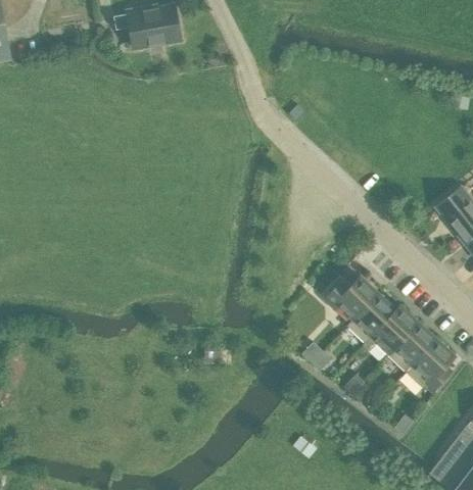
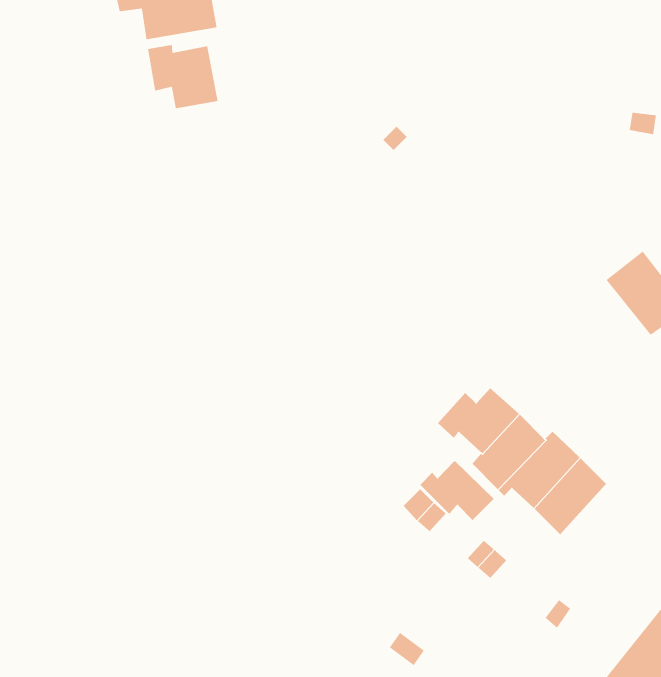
building: none -> [147,44,219,109]
building: none -> [420,460,494,521]
building: [406,339,455,392] -> none

